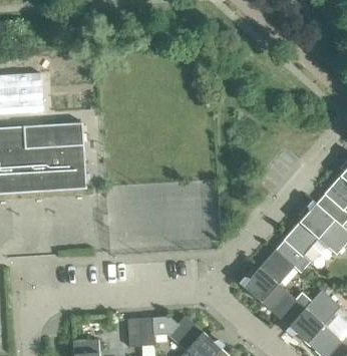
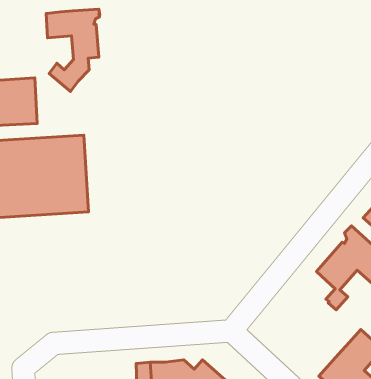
building: none -> [46,9,100,92]
building: [240,249,312,319] -> none

